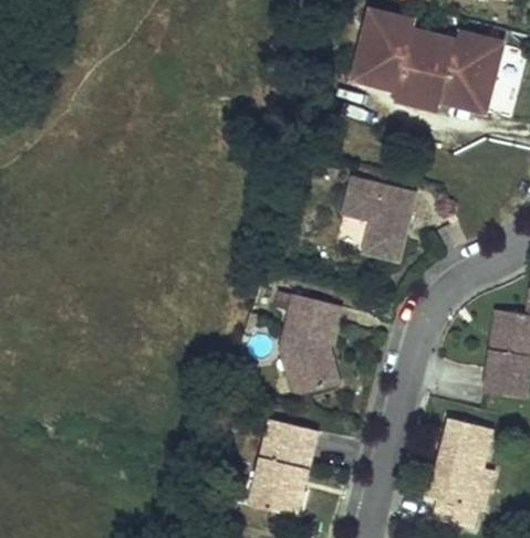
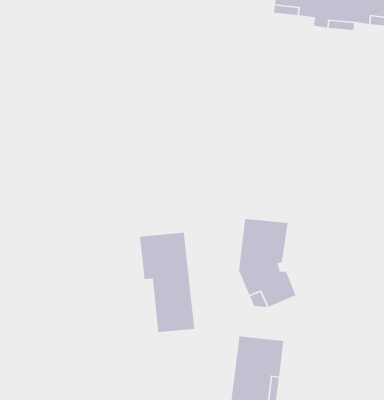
building: [343,178,415,262] -> none
building: none -> [139,232,195,333]

